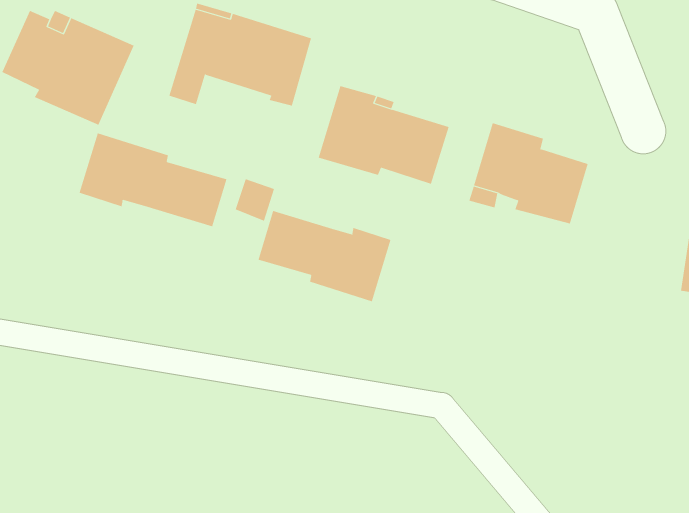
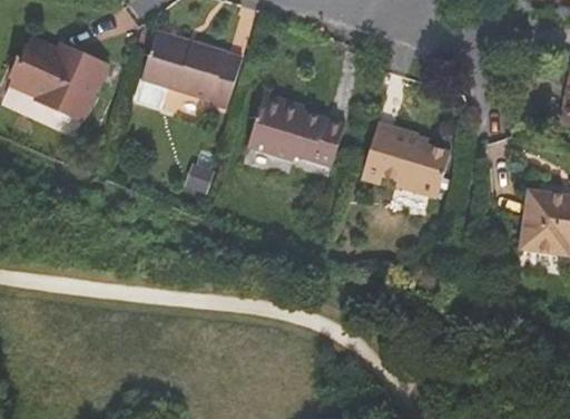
building: [79,132,227,227] -> none
building: [258,210,391,302] -> none

